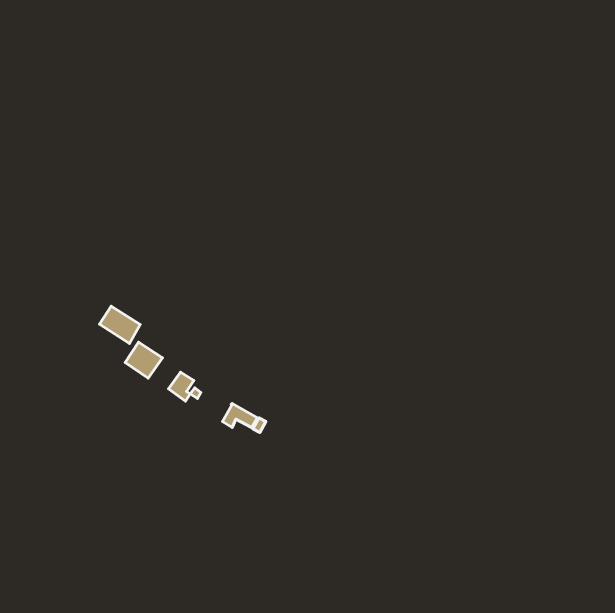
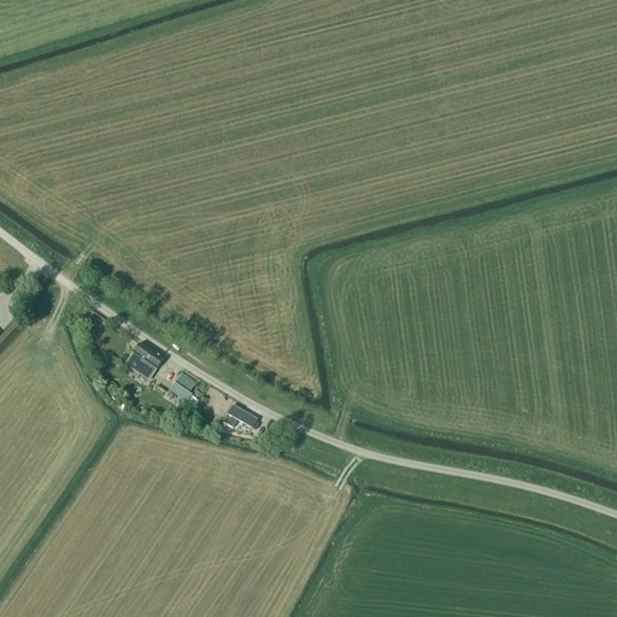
building: [99,306,140,344] -> none

